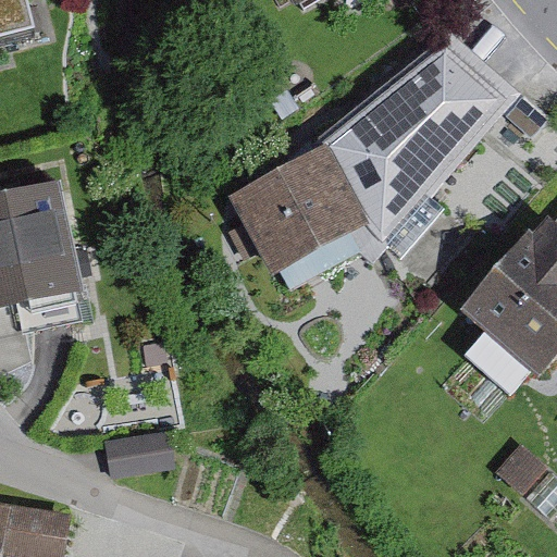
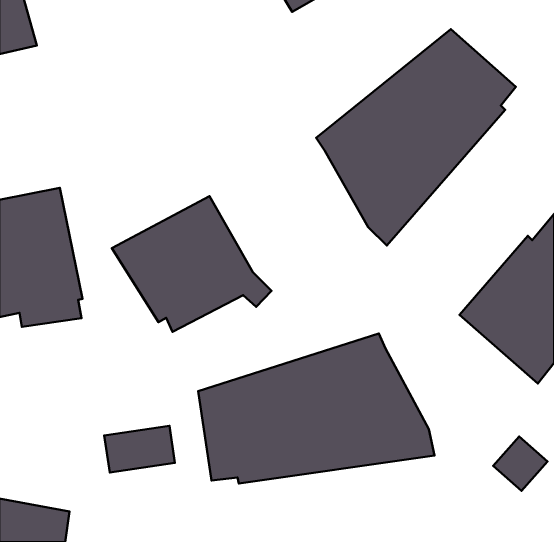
building: [227,151,387,287] -> [112,196,271,332]
building: none -> [198,334,435,484]

